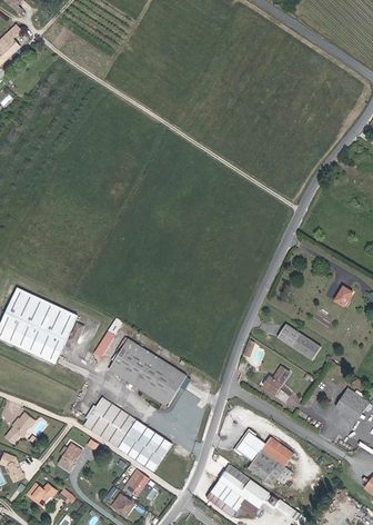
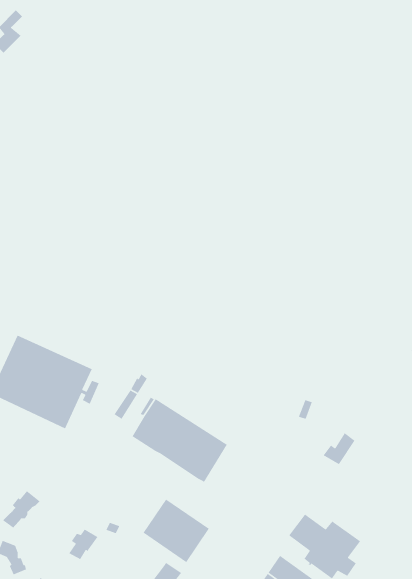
building: [278,324,321,360] -> none
building: [83,397,137,447] -> none

